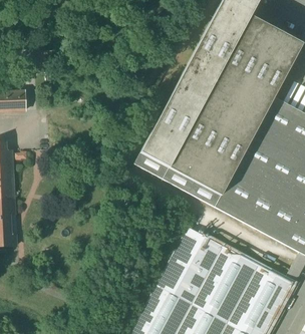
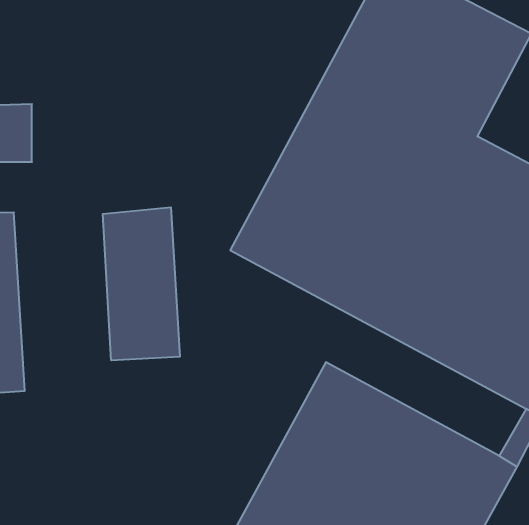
building: none -> [103,207,180,360]

